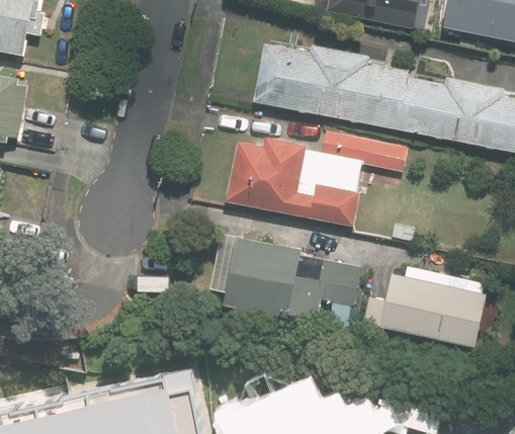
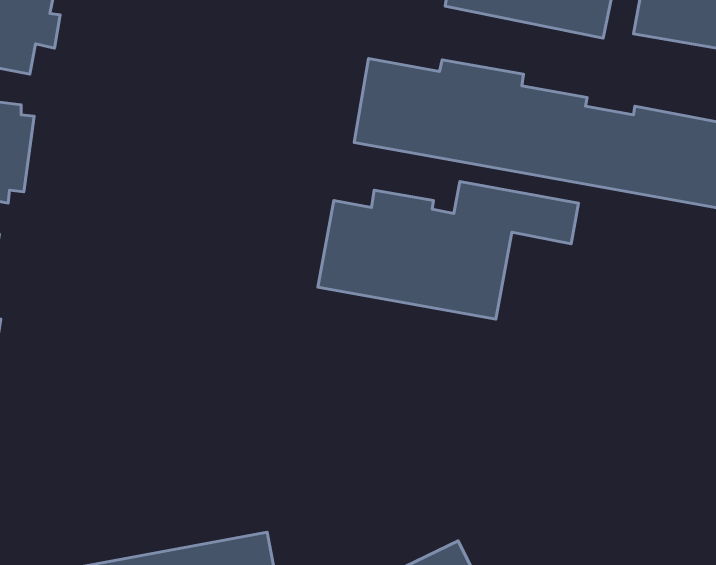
building: [206,233,360,331] -> none
building: [361,267,485,348] -> none

